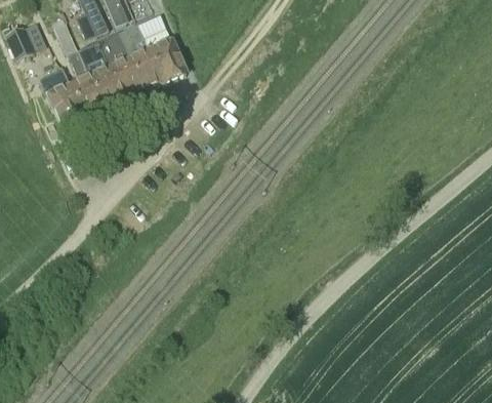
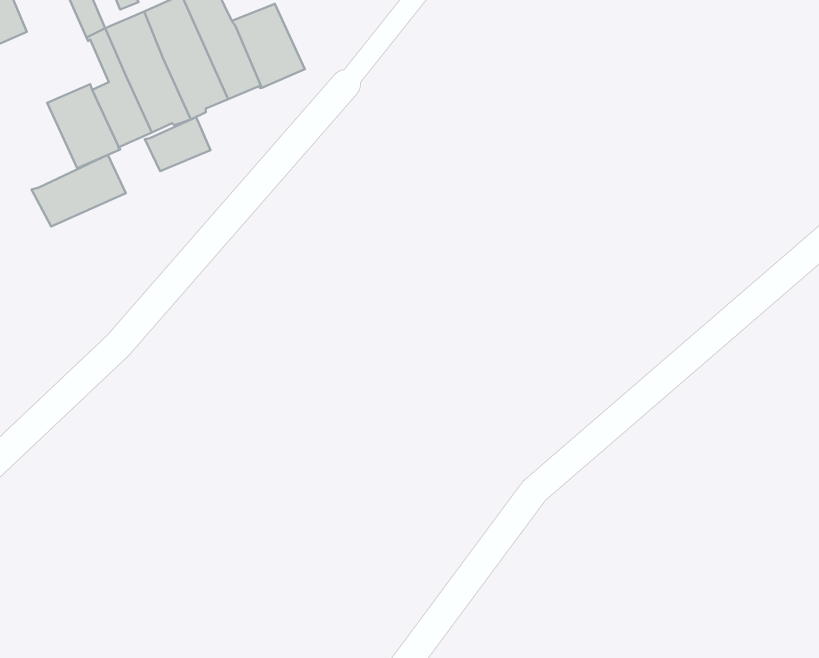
building: none -> [145,117,210,171]
building: none -> [32,155,126,227]

